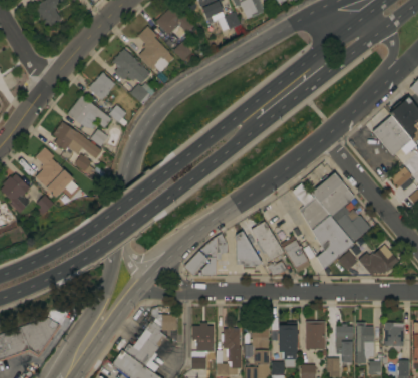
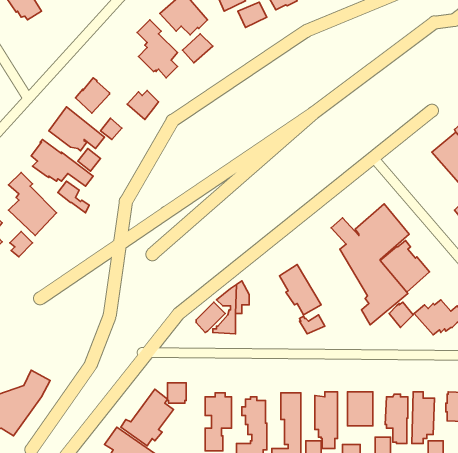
building: [112,48,150,83] -> none
building: [236,232,261,266] -> none
building: [281,236,310,272] -> none

